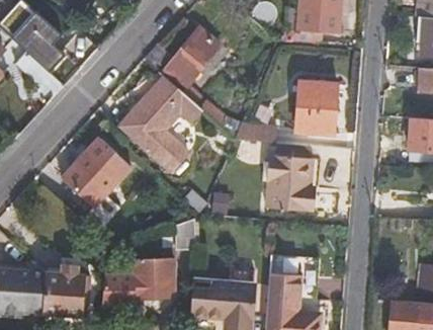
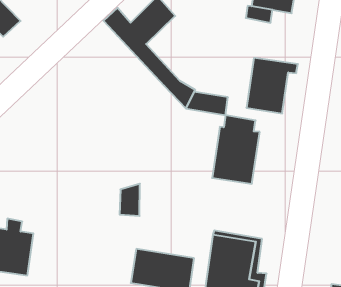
building: [117,68,212,170] -> none
building: [63,135,131,202] -> none
building: [103,261,175,306] -> none

